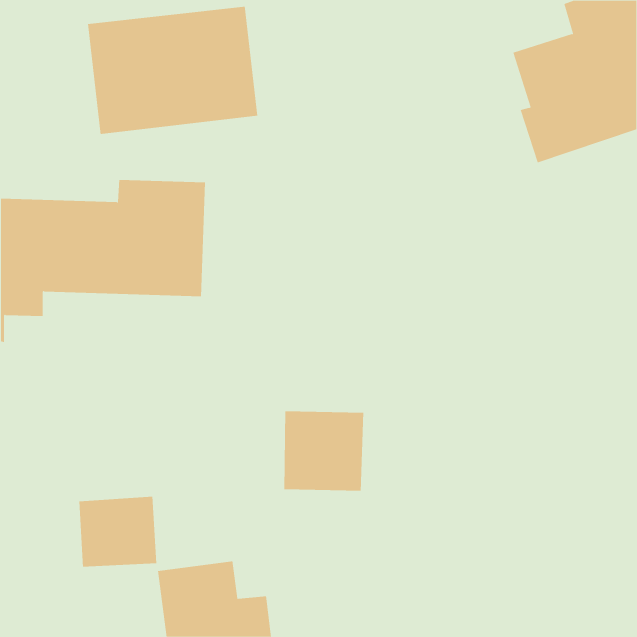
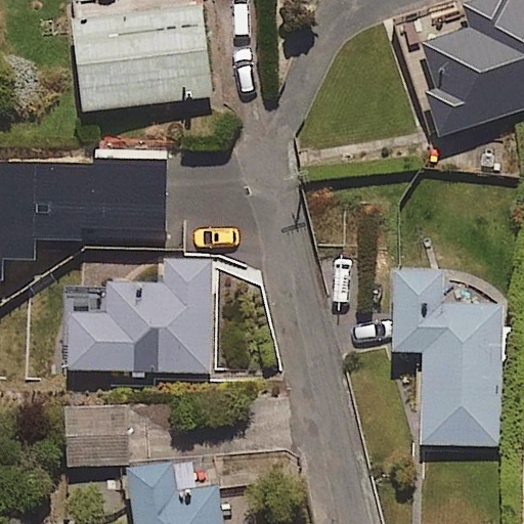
building: none -> [70,258,212,372]
building: none -> [392,271,504,446]
building: [284,411,364,491] -> none

